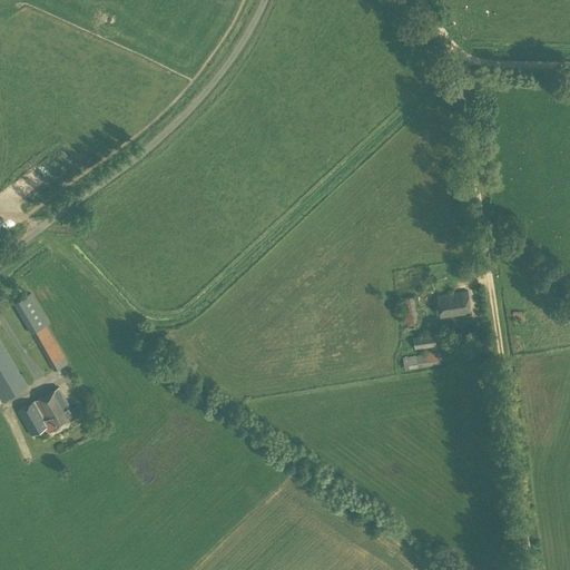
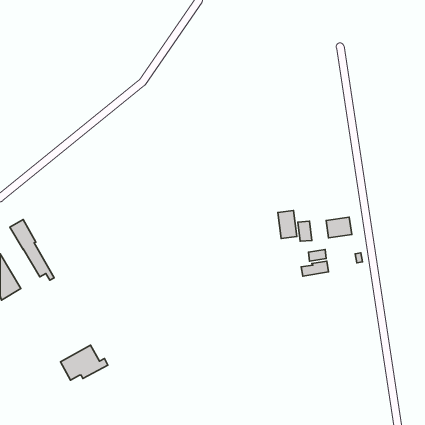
building: none -> [278,211,297,238]
building: [19,387,82,434] -> [60,345,108,380]

